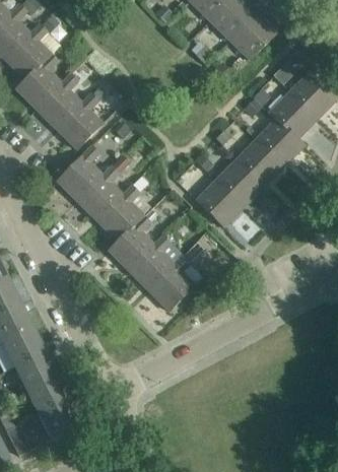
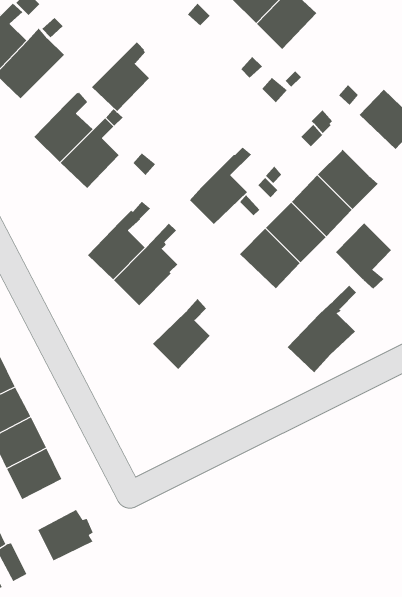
building: [229,11,277,59] -> none
building: [15,53,61,108] -> [91,42,150,112]
building: [269,90,318,138] -> none
building: [57,144,103,200] -> none
building: none -> [335,222,392,290]
building: [109,208,157,269] -> [189,147,252,225]
building: [148,241,203,310] -> [287,285,357,373]
building: [26,375,69,414] -> none

